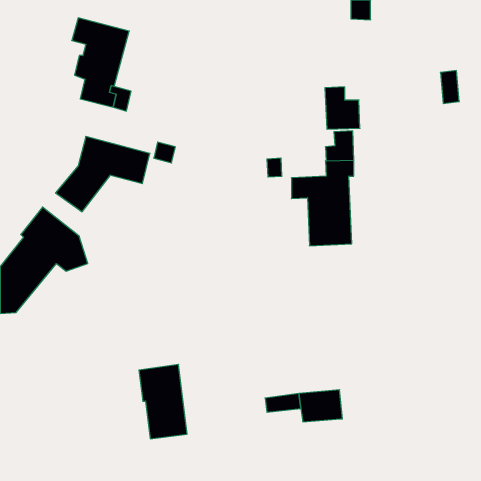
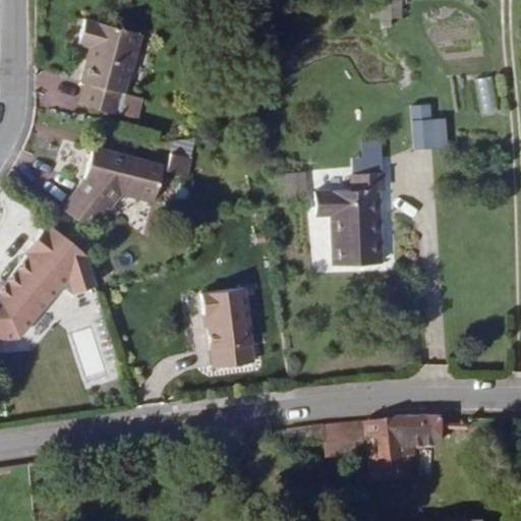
building: [325,87,360,129] -> [409,102,447,148]
building: [139,364,187,439] -> [201,288,253,368]
building: none -> [367,417,440,477]

